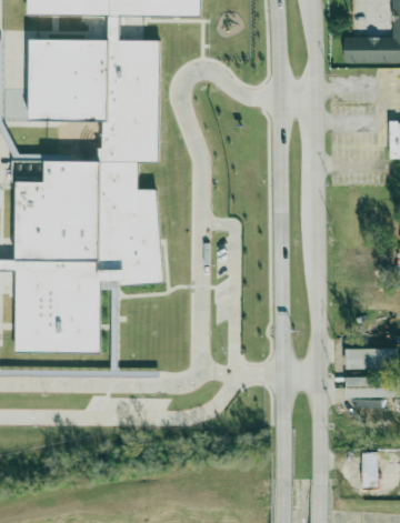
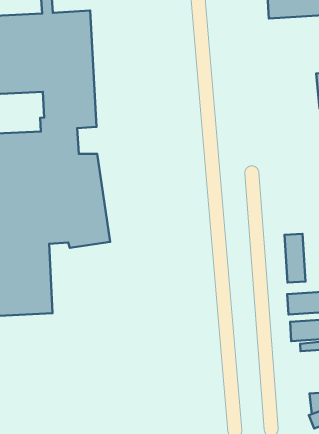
building: none -> [284,234,305,282]

